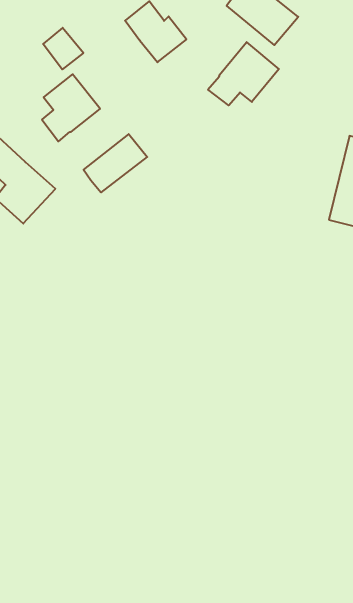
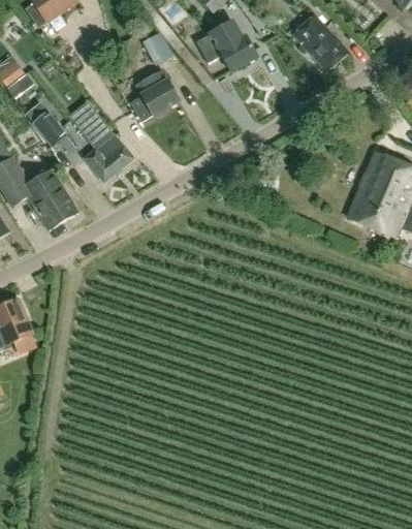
building: [208,42,279,105] -> none
building: [84,134,147,192] -> none

